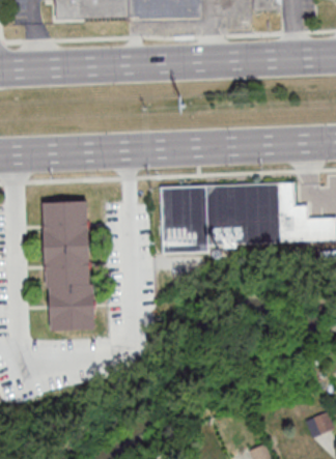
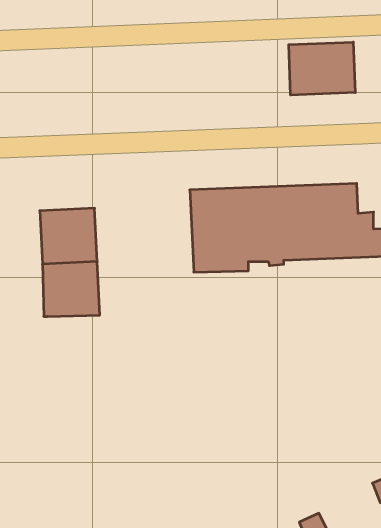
building: none -> [289,42,355,95]
building: [47,286,92,329] -> none

